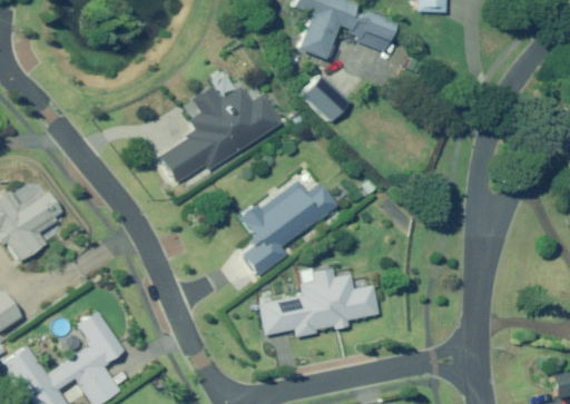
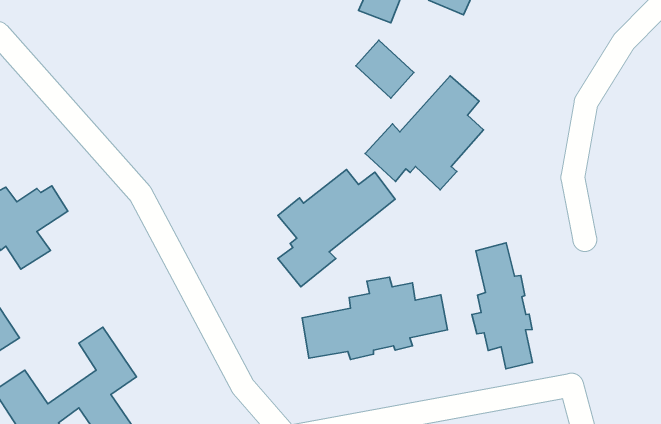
building: [158,85,281,184] -> none
building: none -> [365,76,483,190]
building: none -> [472,243,532,369]

